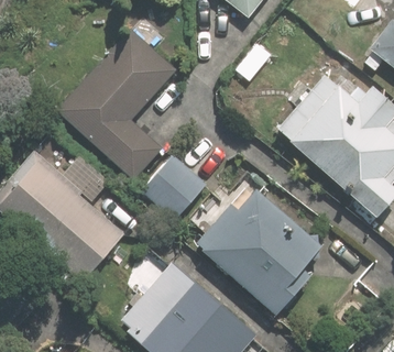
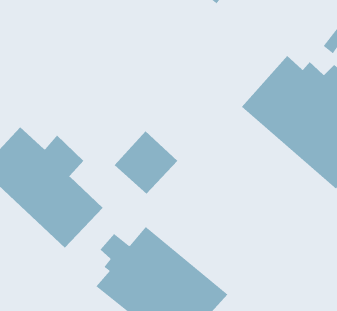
building: [56,29,178,183] -> none
building: [196,187,326,318] -> none

